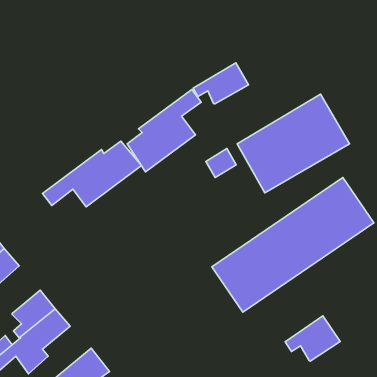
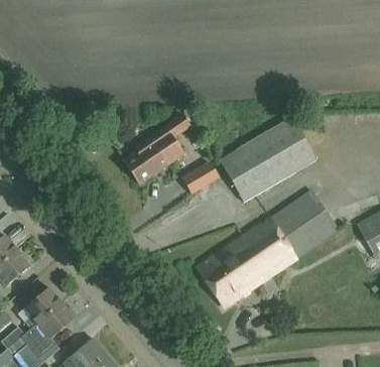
building: [193,63,249,104] -> none
building: [43,141,141,207] -> none
building: [285,316,340,361] -> none

